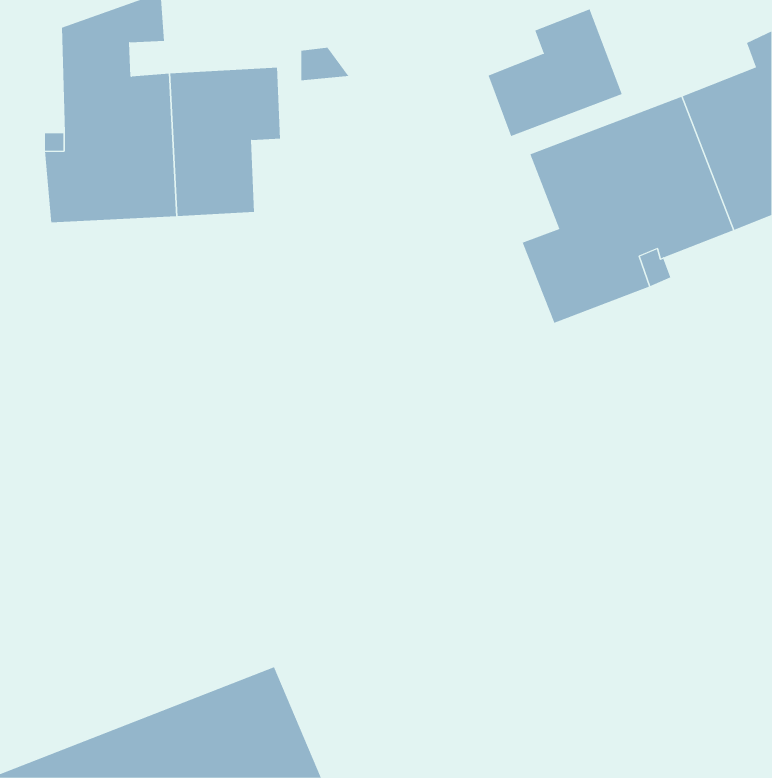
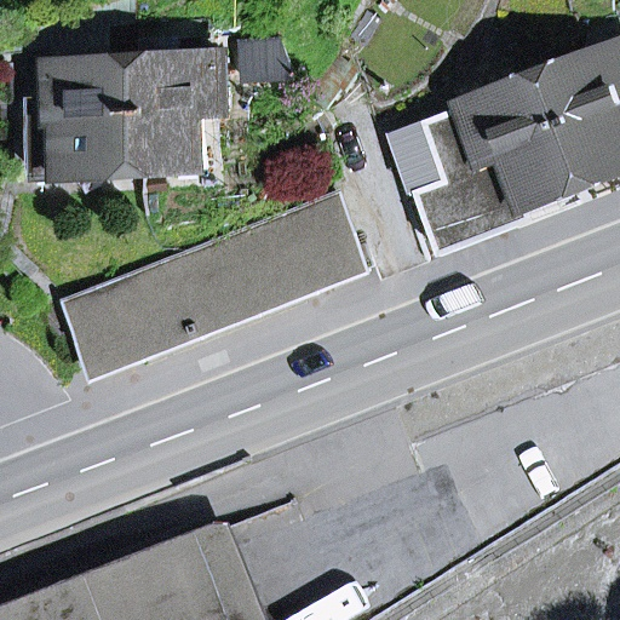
building: [488,8,622,137] -> none
building: none -> [67,200,362,377]

